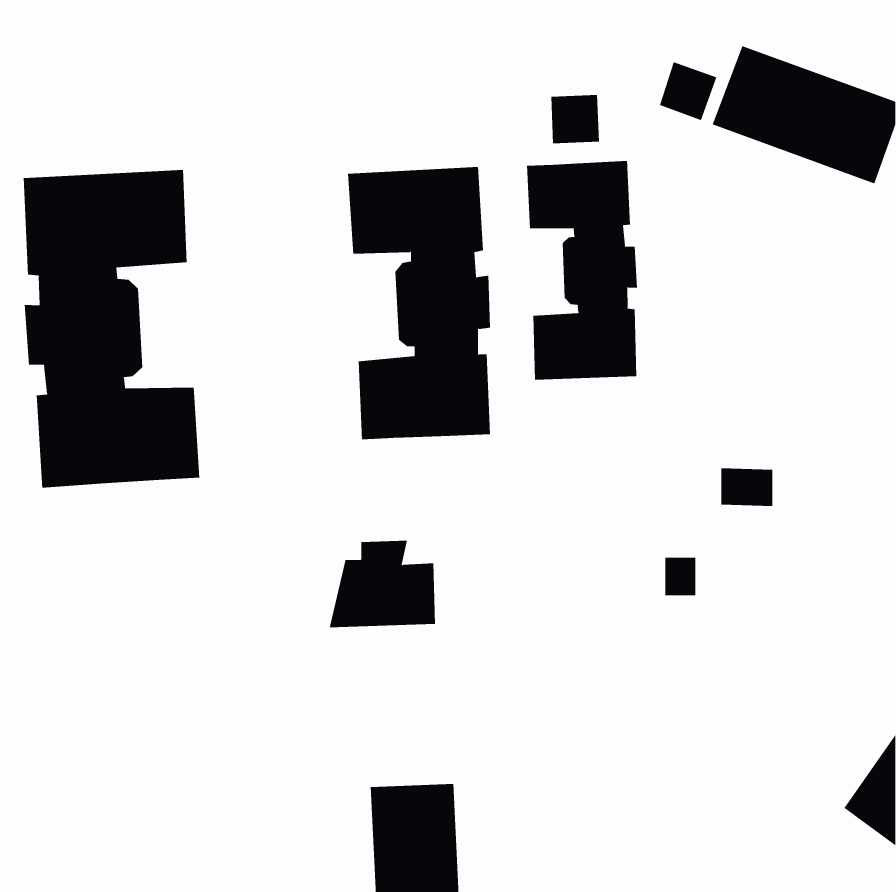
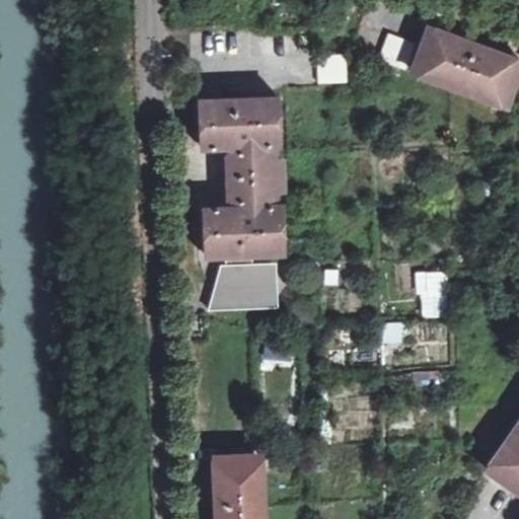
building: [527,160,637,380] -> none
building: [23,169,200,488] -> none
building: [329,540,436,628] -> [210,254,272,305]

